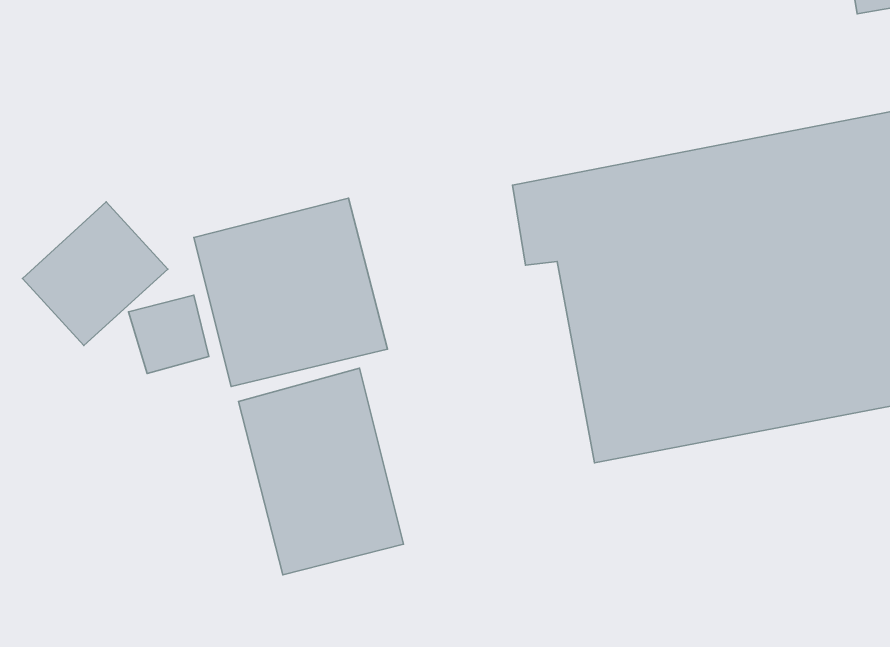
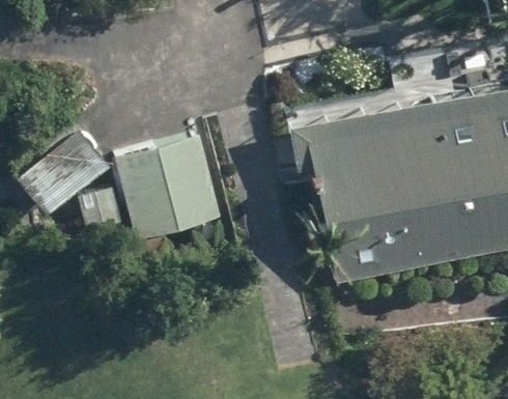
building: [239,368,403,575] -> none

